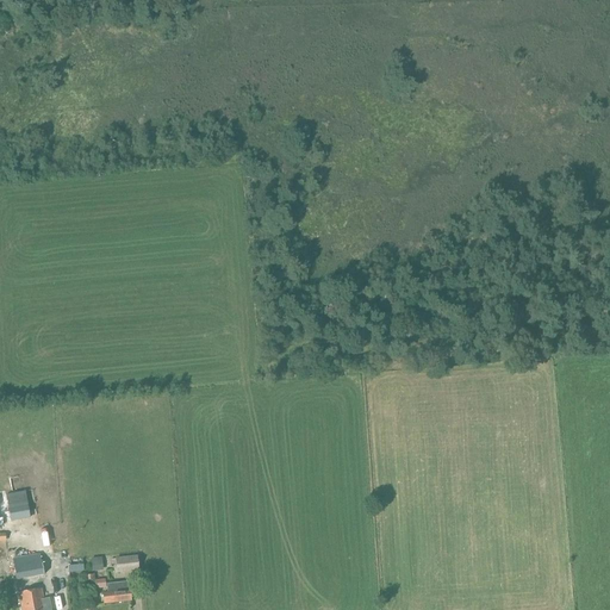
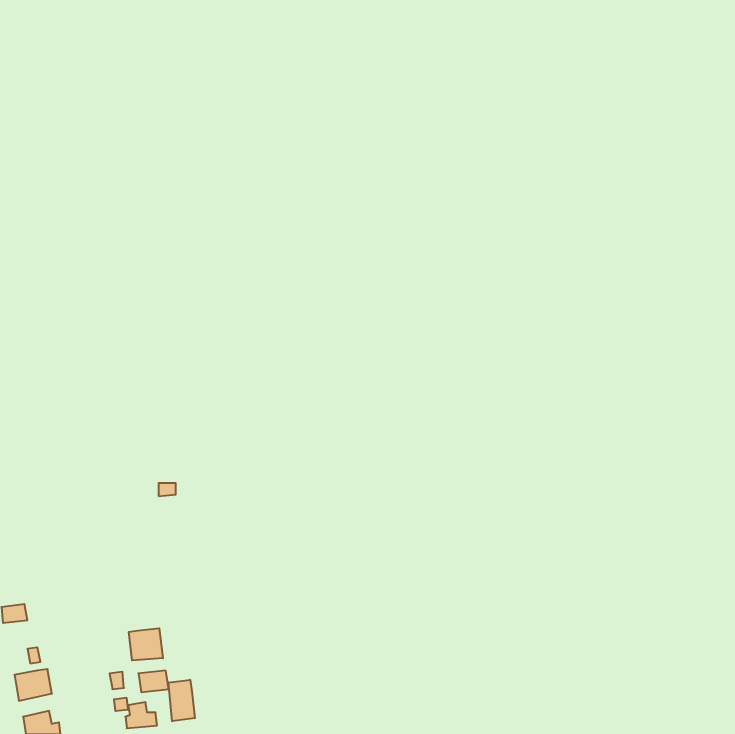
building: none -> [129,628,163,660]
building: none -> [169,680,195,721]

